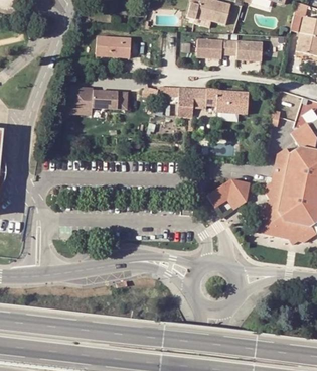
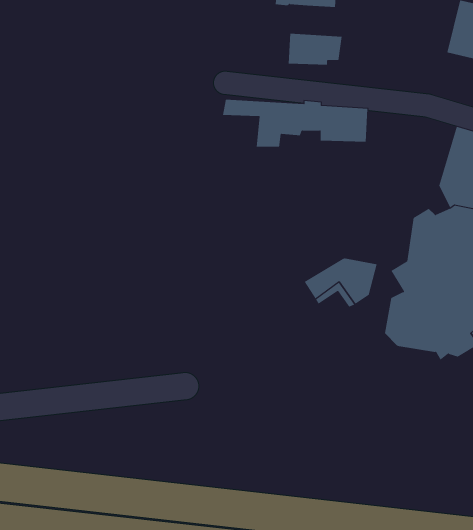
building: [93,30,127,51] -> none
building: [229,41,264,63] -> none
building: [68,88,129,114] -> none

